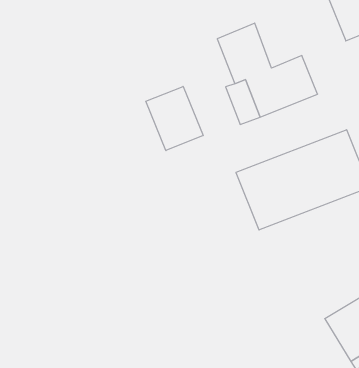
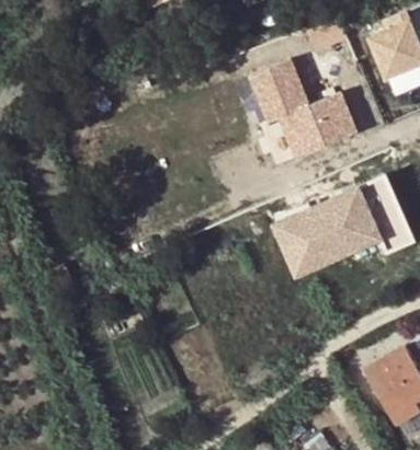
building: [146,86,203,151] -> none

